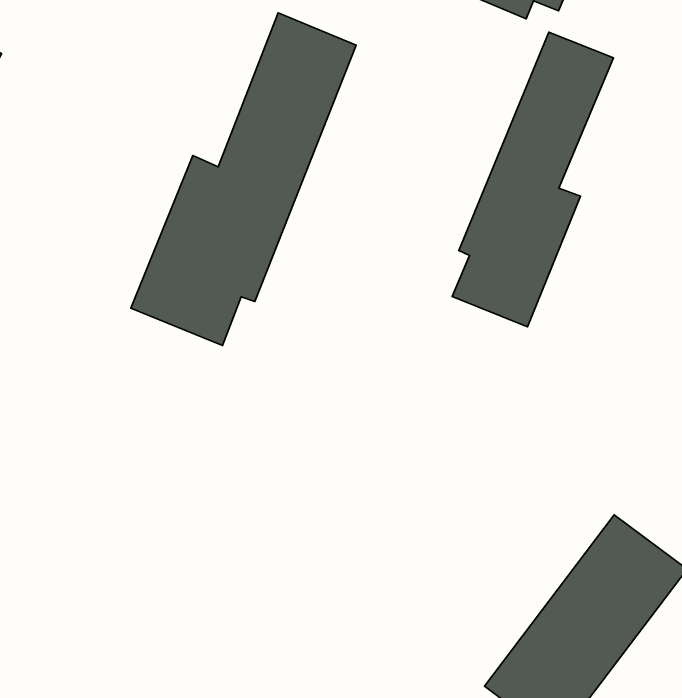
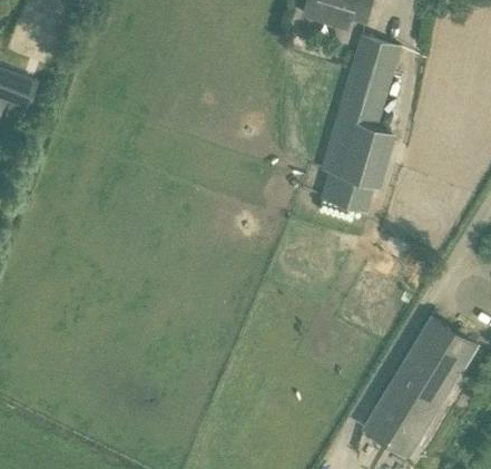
building: [131,13,356,345] -> none

